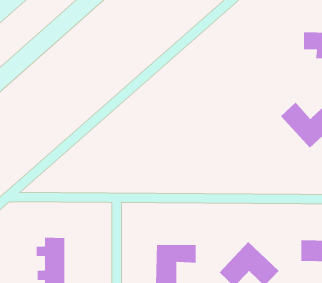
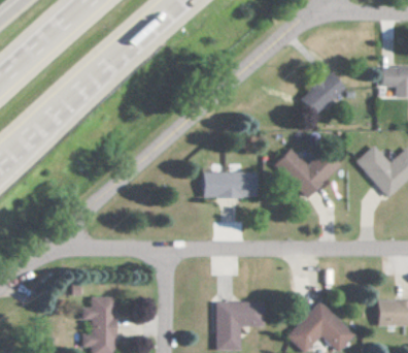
building: none -> [301,71,343,115]
building: none -> [273,148,338,197]
building: none -> [204,171,257,197]

